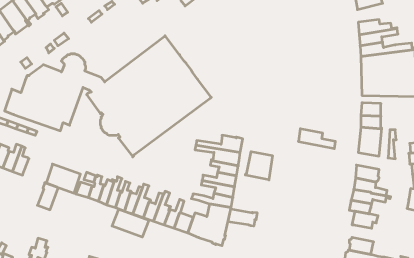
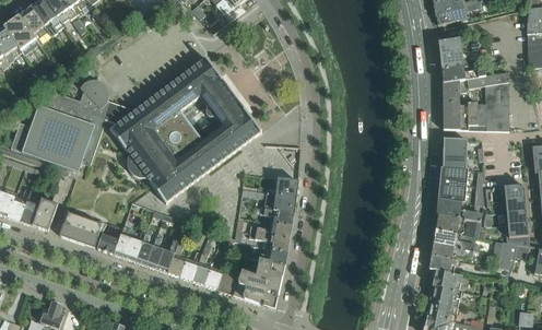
building: [298,129,335,149] -> [437,198,482,222]
building: [245,152,272,180] -> none
building: [37,183,58,210] -> [33,198,58,231]
building: [228,209,257,226] -> none
building: [112,209,149,237] -> none
building: none -> [431,285,461,306]

